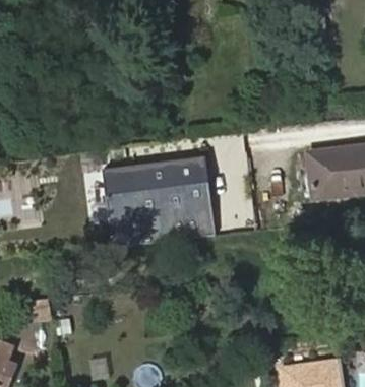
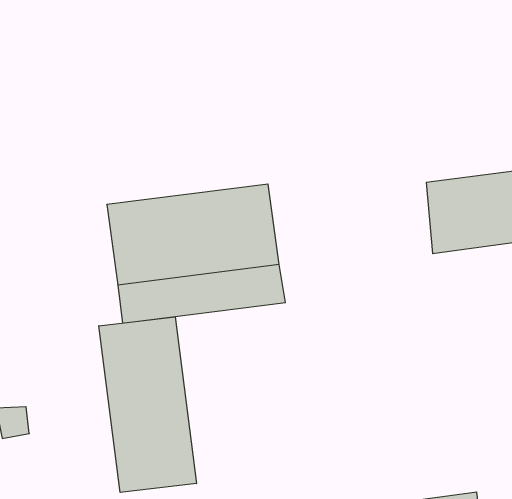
building: none -> [99,317,196,492]

